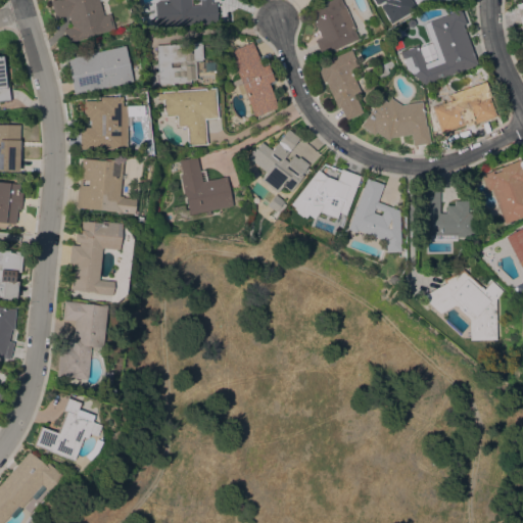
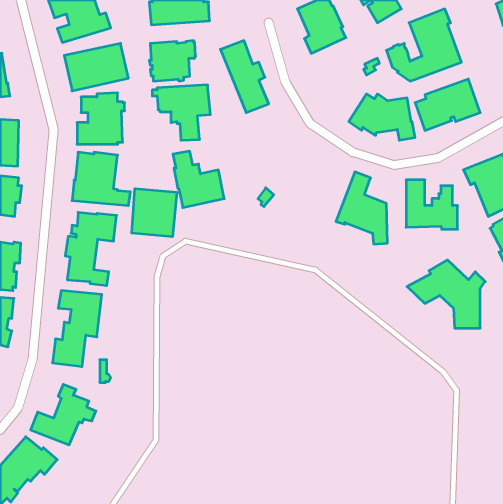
building: [318,50,364,121] -> none
building: [248,130,311,194] -> none
building: [292,170,361,219] -> none
building: none -> [132,189,177,237]

